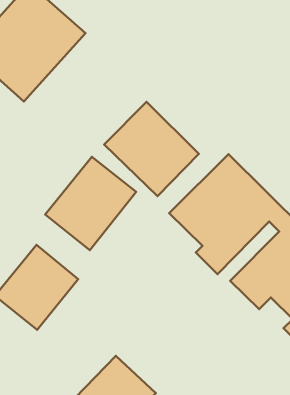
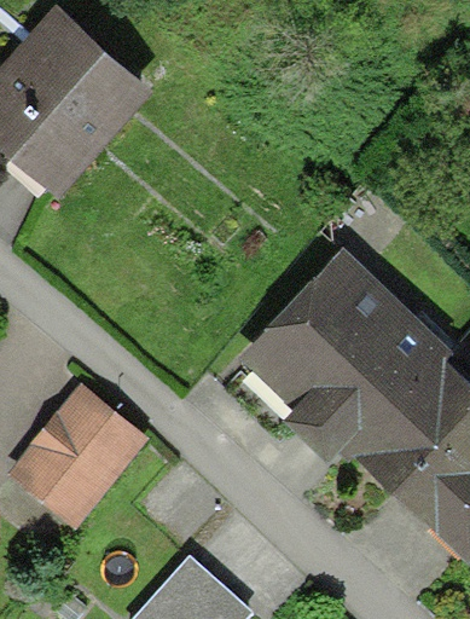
building: [104,102,199,196] -> none
building: [45,157,136,250] -> none

